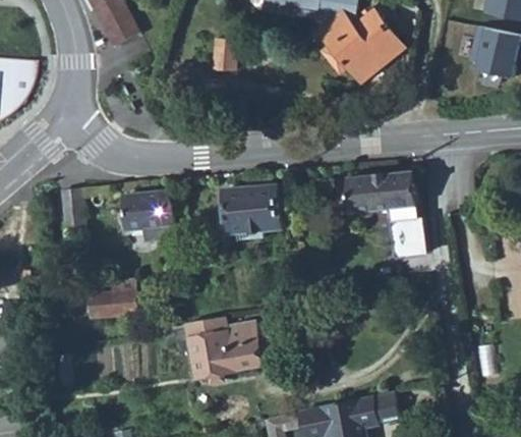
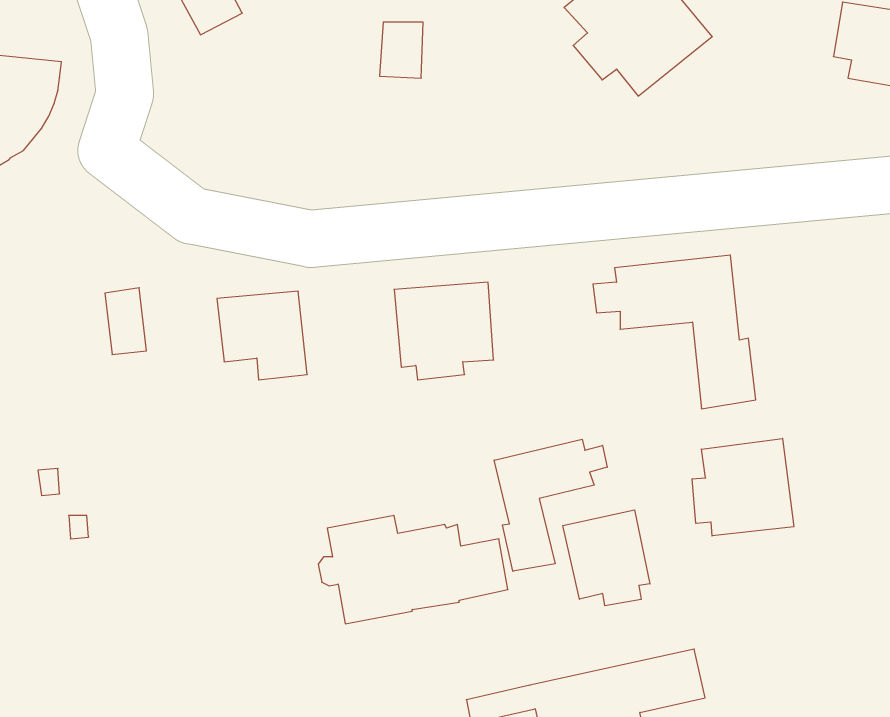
building: none -> [692,438,794,536]
building: none -> [494,439,607,571]
building: [90,279,134,317] -> none
building: none -> [563,510,650,606]

